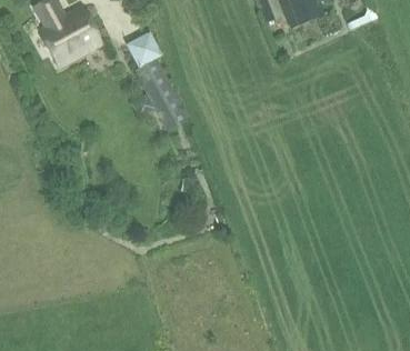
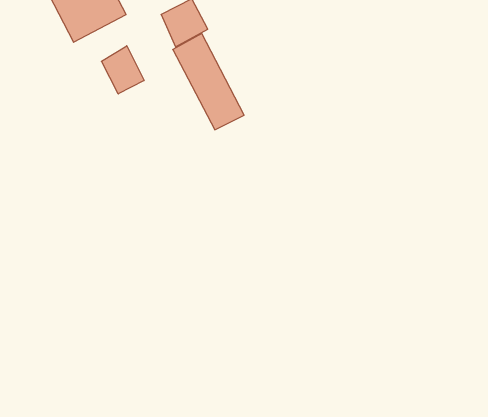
building: none -> [101,46,144,94]

